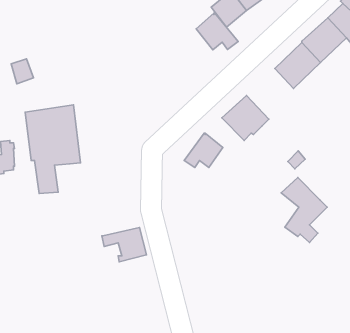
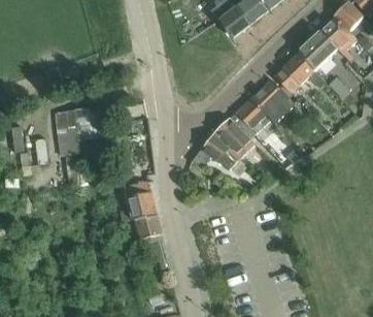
building: [196,13,238,50] -> none
building: none -> [250,78,295,124]
building: [281,178,327,243] -> [214,118,255,175]
building: none -> [122,181,157,221]

